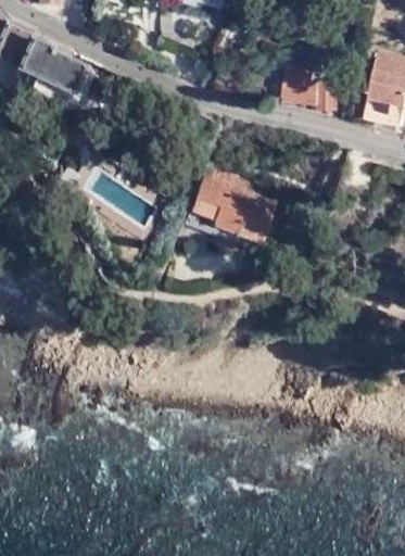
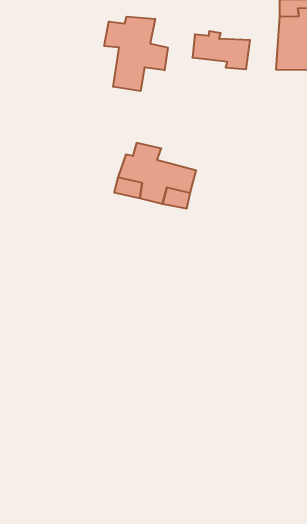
building: none -> [104,17,168,91]

